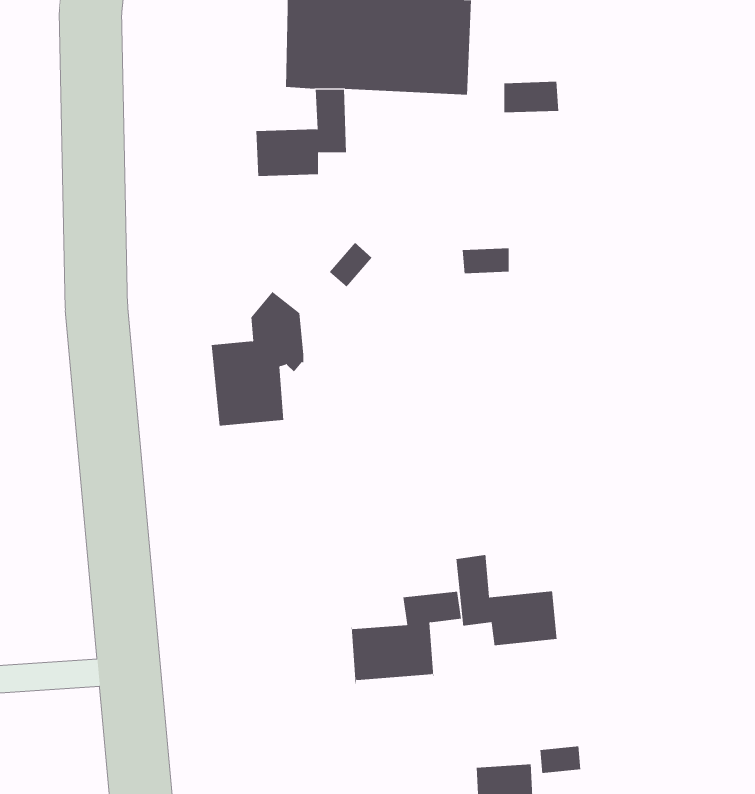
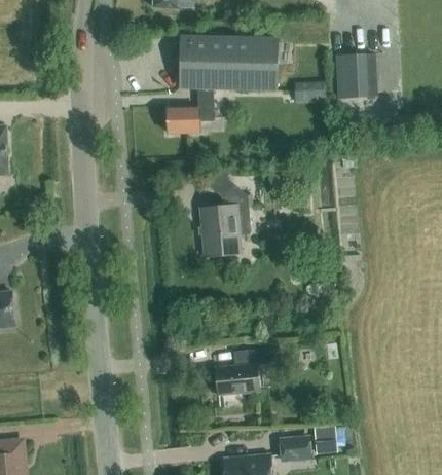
building: none -> [336,53,368,98]
building: [211,291,304,426] -> [201,183,250,253]
building: [456,554,557,646] -> none

